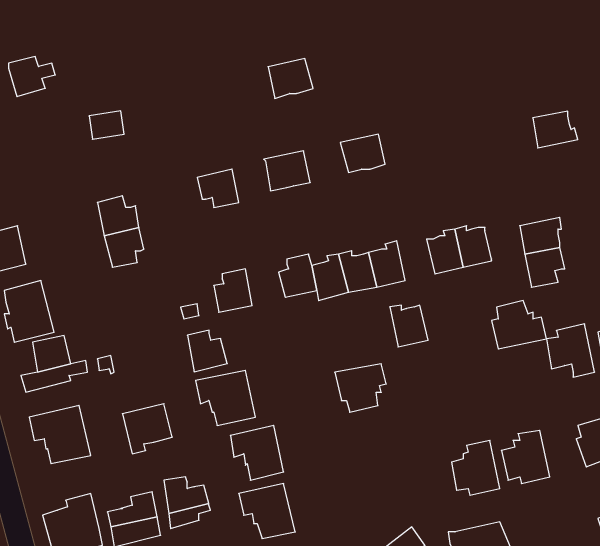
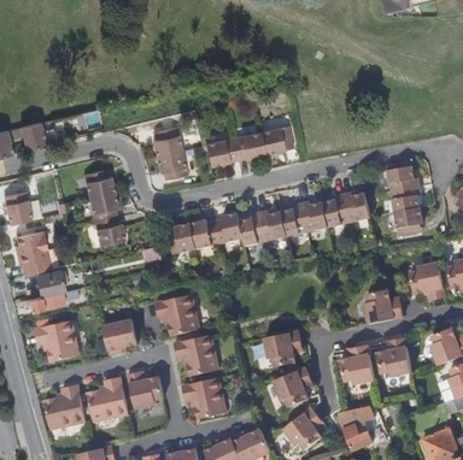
building: [9,57,55,97] -> [17,123,51,152]
building: [268,59,313,98] -> [232,130,264,159]
building: [533,111,578,148] -> [385,164,417,190]
building: none -> [151,125,180,155]
building: none -> [93,217,123,244]
building: [492,301,546,349] -> [362,289,402,324]
building: [390,305,428,347] -> [299,200,327,230]
building: [187,330,227,372] -> [189,218,218,248]
building: [335,364,386,412] -> [262,331,299,366]
building: none -> [271,367,309,407]

